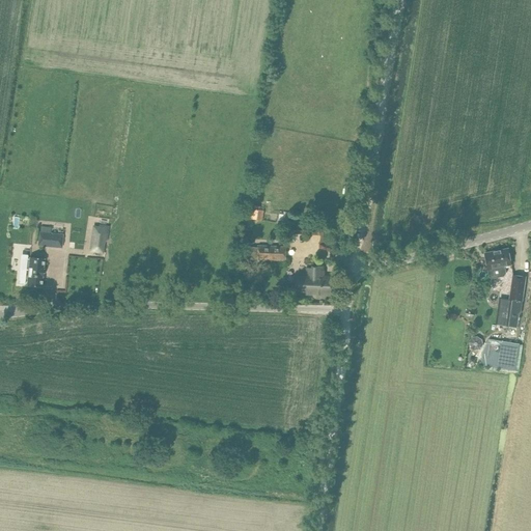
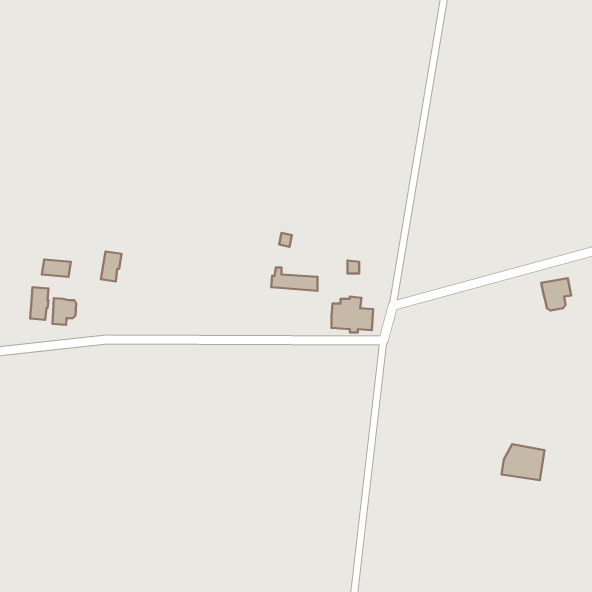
building: none -> [53,298,76,325]
building: [503,275,525,327] -> none
building: [480,338,519,370] -> [502,444,544,480]

